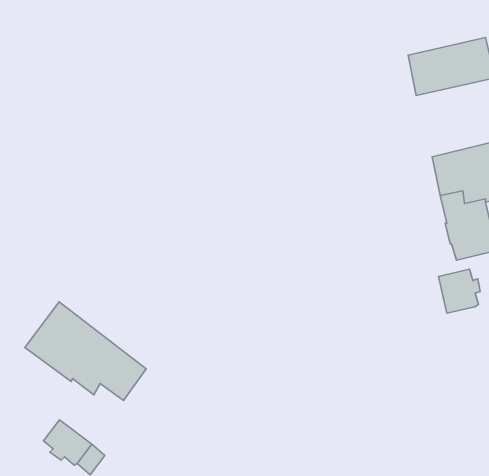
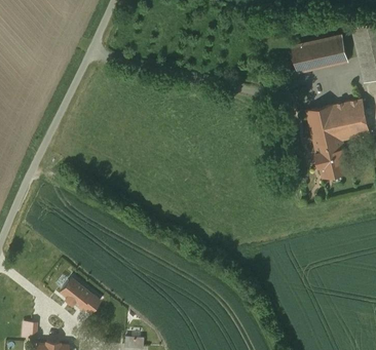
building: [439,269,480,313] -> none
building: [25,302,146,401] -> none

